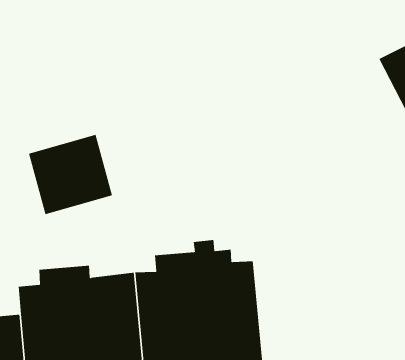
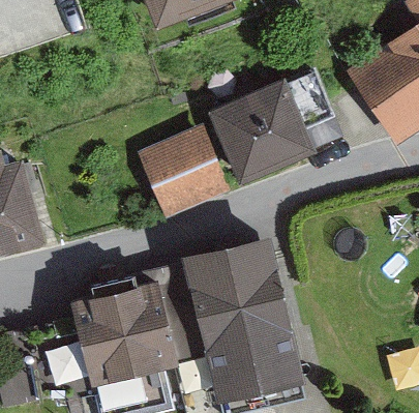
building: none -> [212,77,336,182]
building: [28,134,113,215] -> [145,140,220,213]

